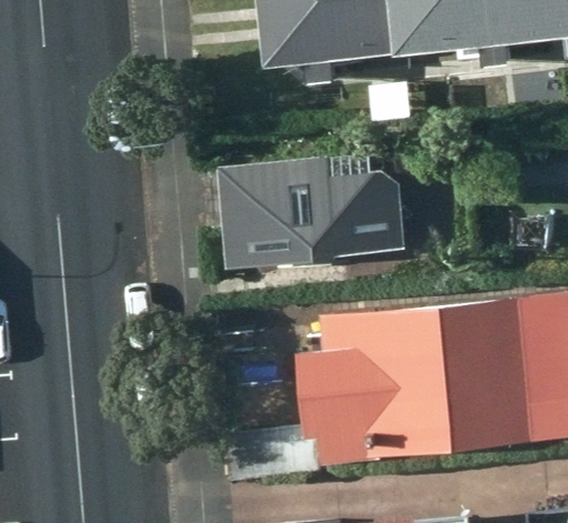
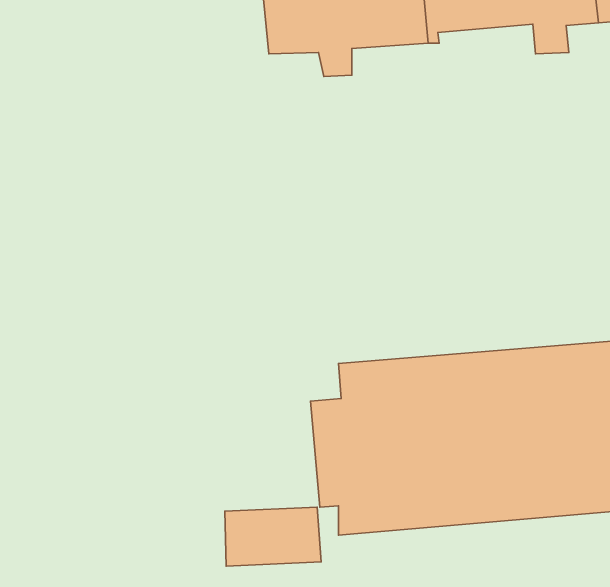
building: [221,154,403,266] -> none

